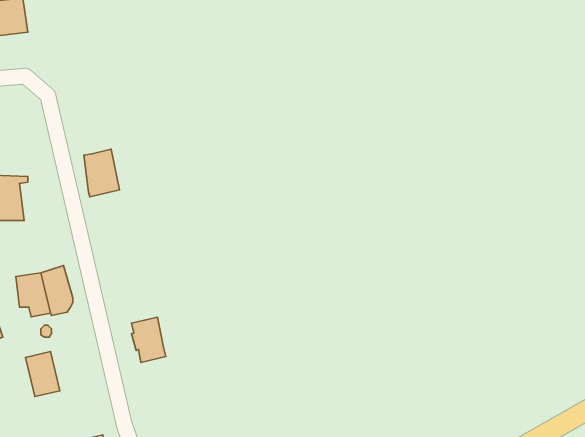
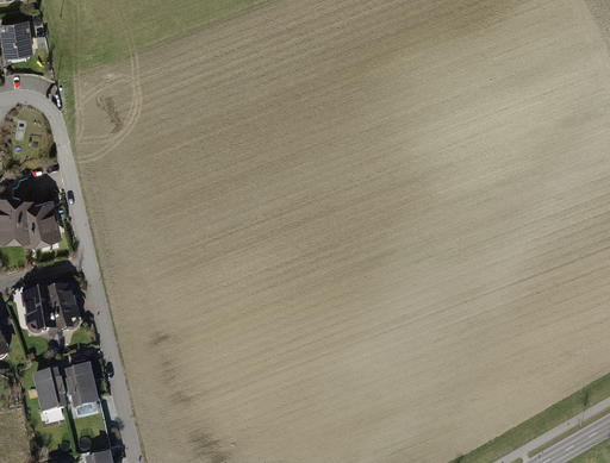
building: [84,149,119,197] -> [25,194,61,242]
building: [131,317,166,363] -> [63,363,98,408]

